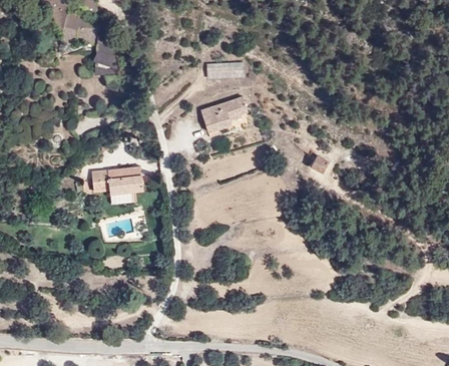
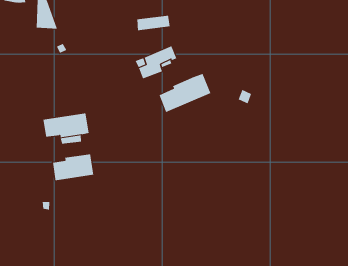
building: none -> [159,73,211,113]
building: none -> [52,154,94,181]

